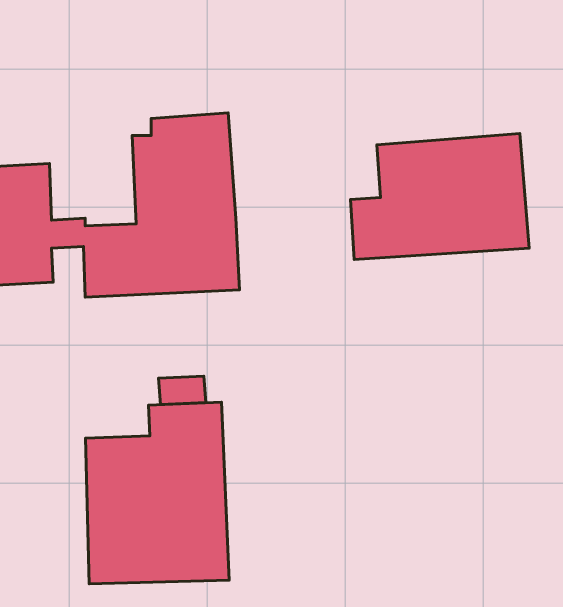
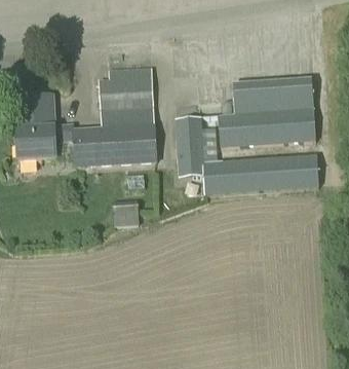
building: none -> [178,115,320,194]
building: [86,402,229,584] -> none

